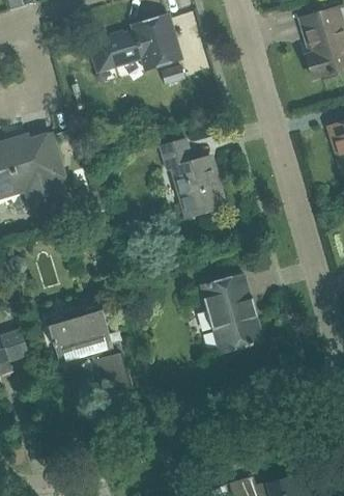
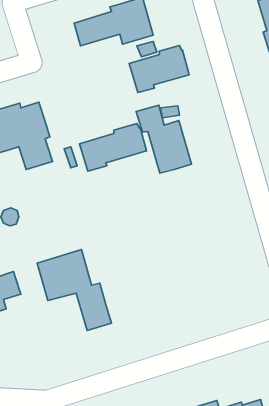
building: none -> [129,45,189,92]
building: none -> [80,123,147,171]
building: [201,273,263,353] -> none

